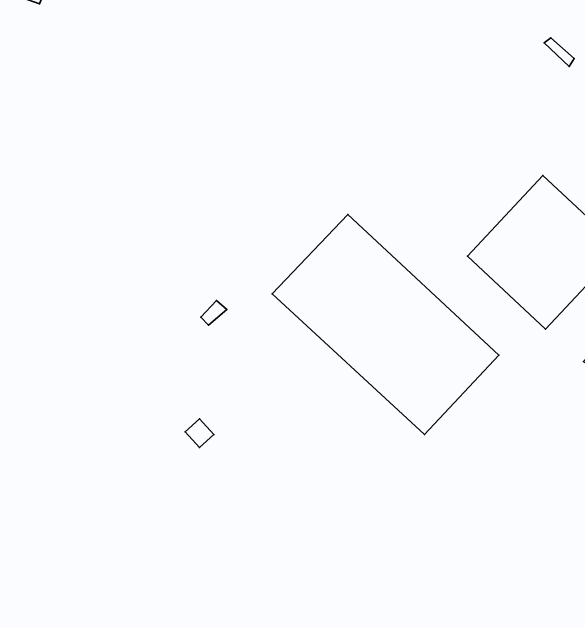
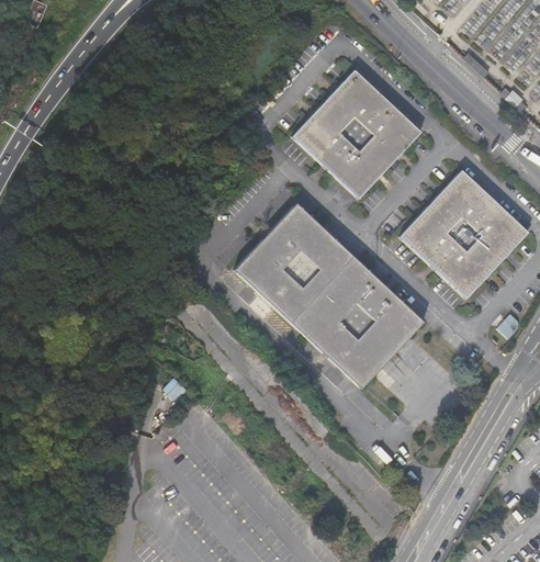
building: none -> [291,71,420,199]

